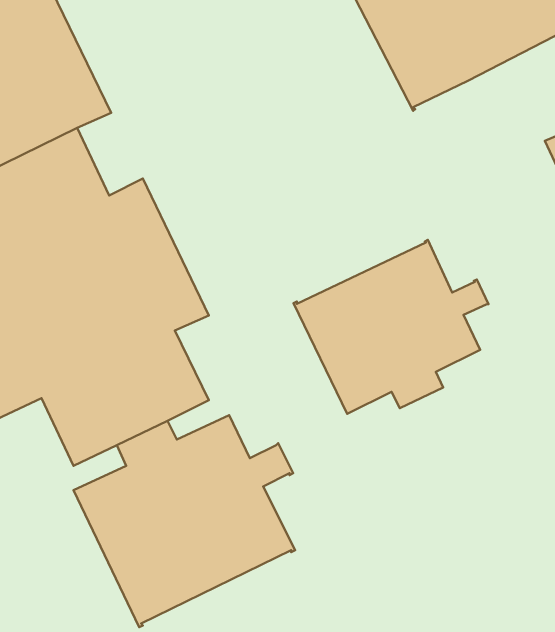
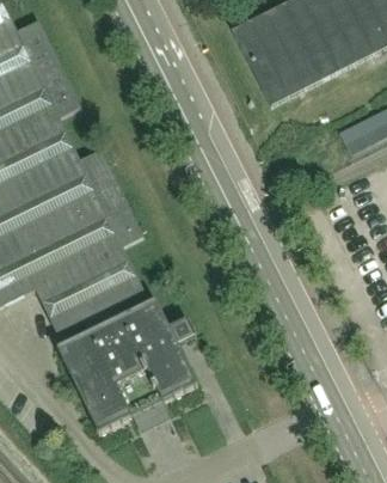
building: [293,240,488,414] -> none

